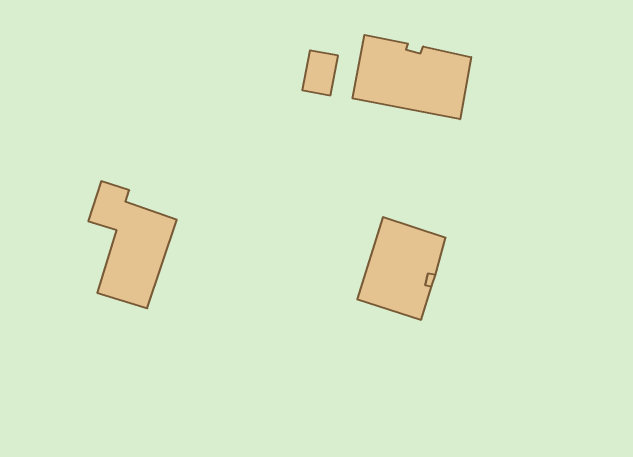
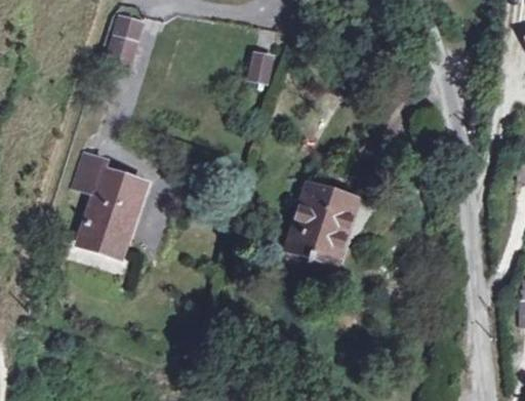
building: none -> [107,14,140,66]
building: [353,35,471,119] -> none

